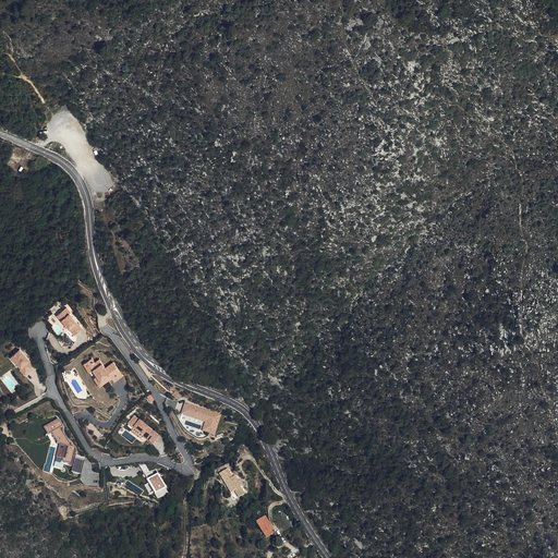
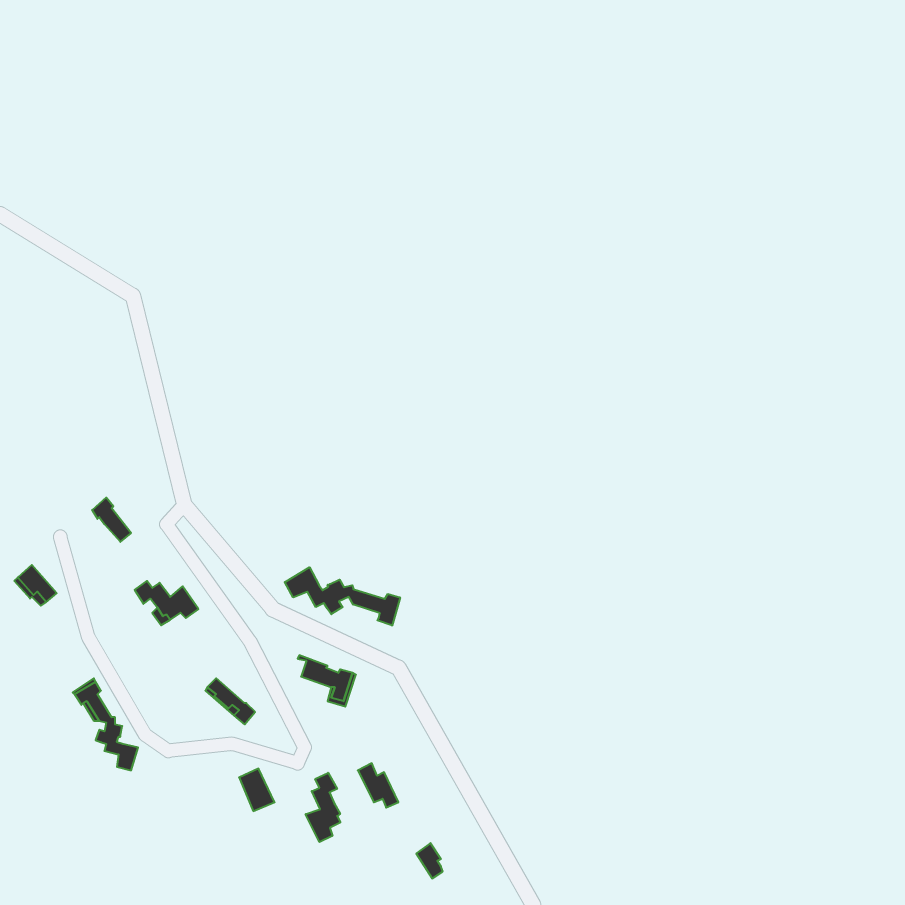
building: none -> [285,567,400,626]
building: none -> [306,773,340,842]

